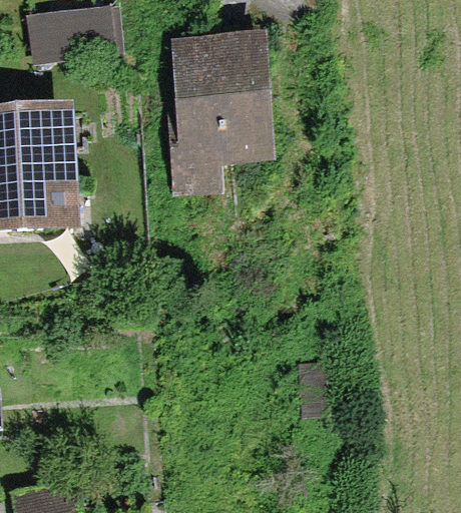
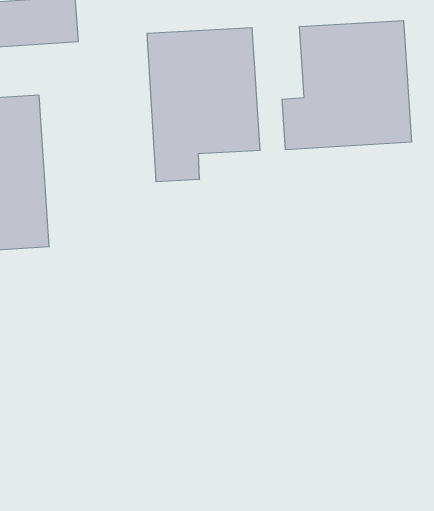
building: none -> [282,21,411,150]

